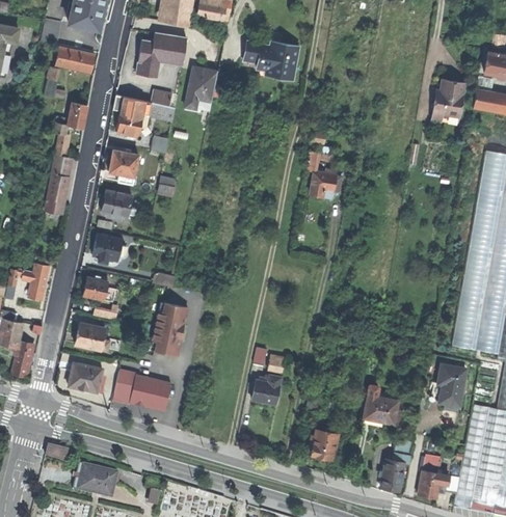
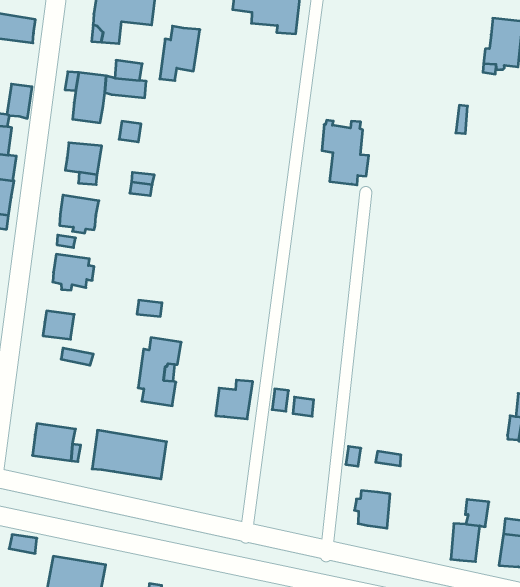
building: [75,322,105,350] -> none
building: [251,374,282,404] -> [216,380,253,419]
building: [364,396,398,424] -> none

